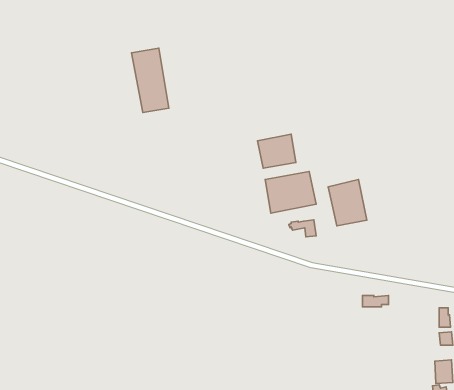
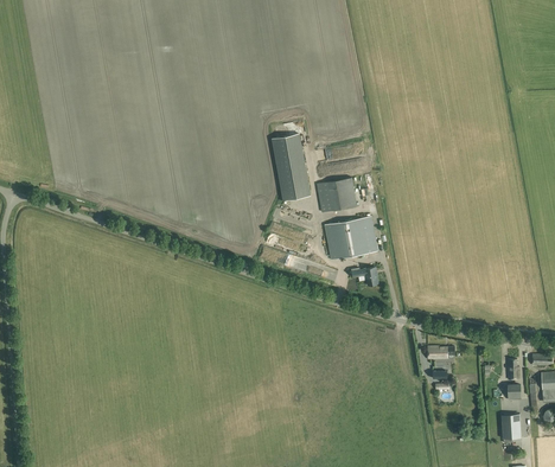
building: [132,48,169,113] -> [272,133,311,200]
building: [328,180,367,226] -> none

